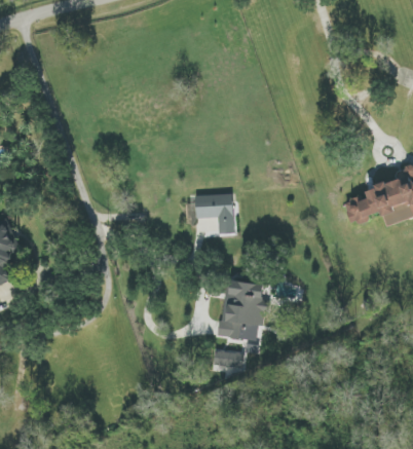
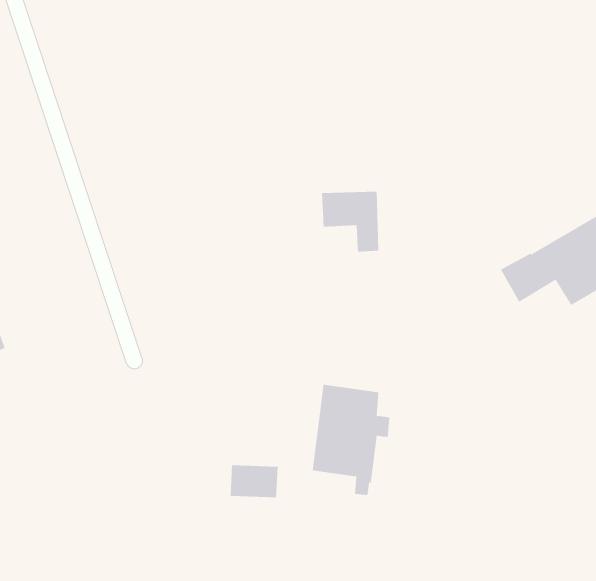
building: [195,194,233,234] -> [321,191,379,252]
building: [213,350,245,372] -> [230,465,278,498]

